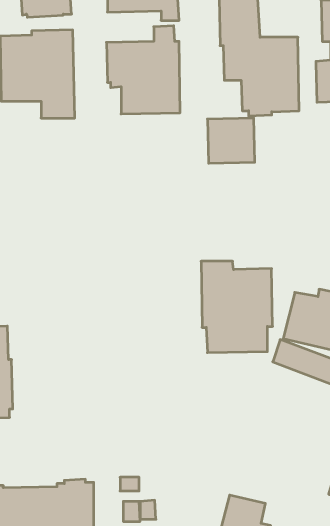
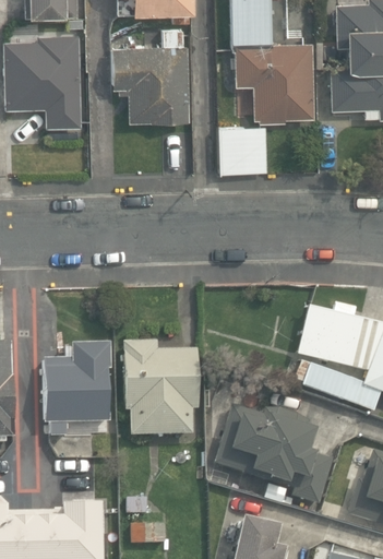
building: [201,261,273,353] -> [121,342,195,437]
building: none -> [43,343,111,436]
building: none -> [216,402,334,501]

